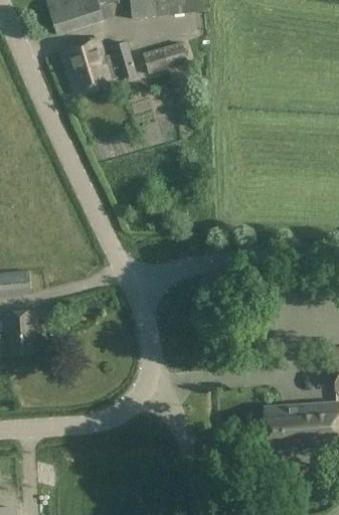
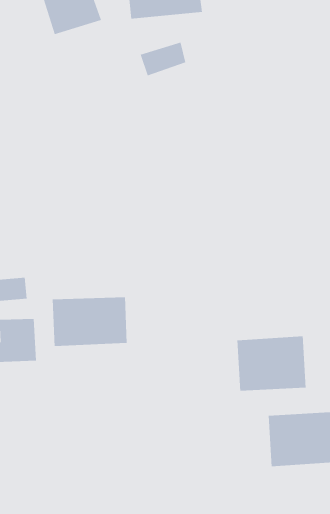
building: [62,38,139,96] -> none
building: none -> [52,296,127,347]
building: none -> [237,336,306,391]

